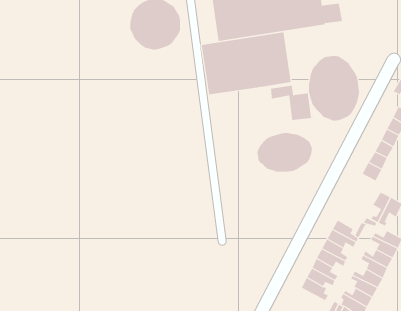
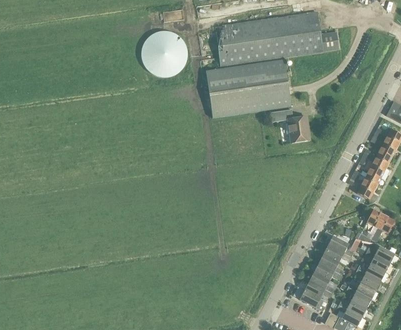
building: [309,55,360,122] -> none
building: [257,132,313,173] -> none

